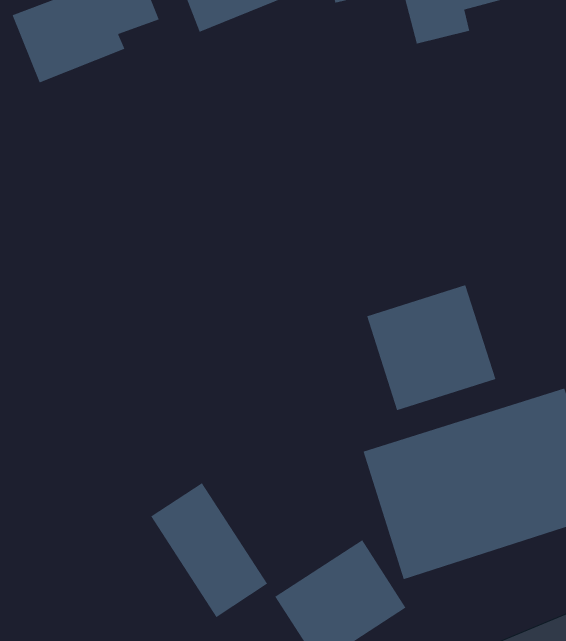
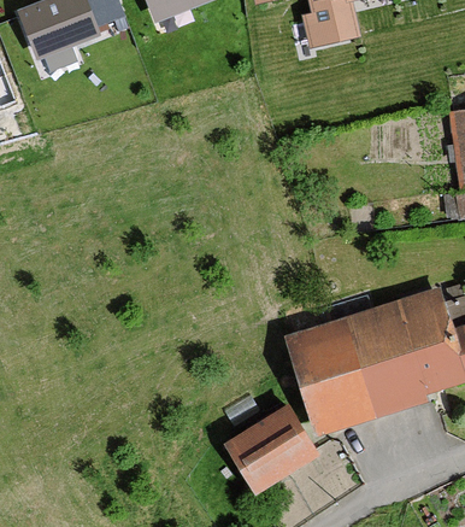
building: [366,284,496,411] -> none
building: [150,482,268,618] -> none

